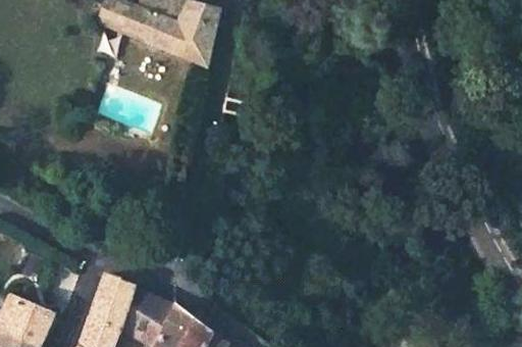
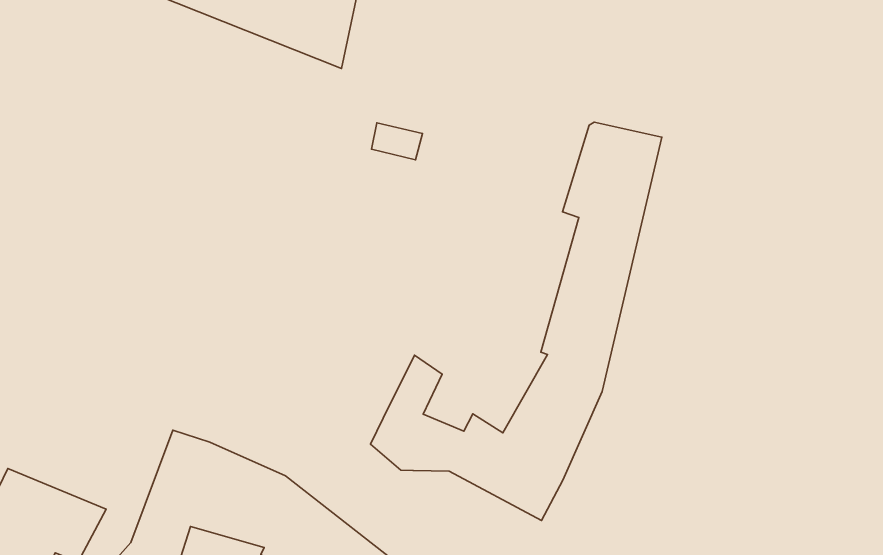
building: none -> [371,122,662,521]

